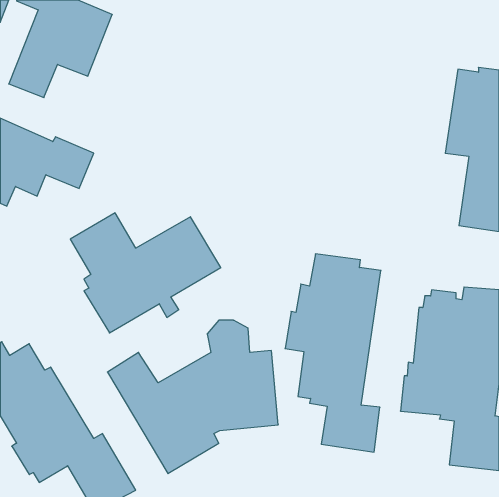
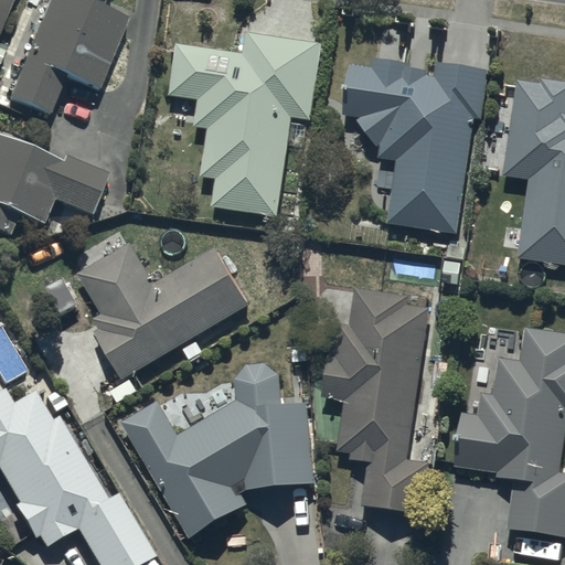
building: none -> [170,31,321,216]
building: none -> [343,57,487,233]

